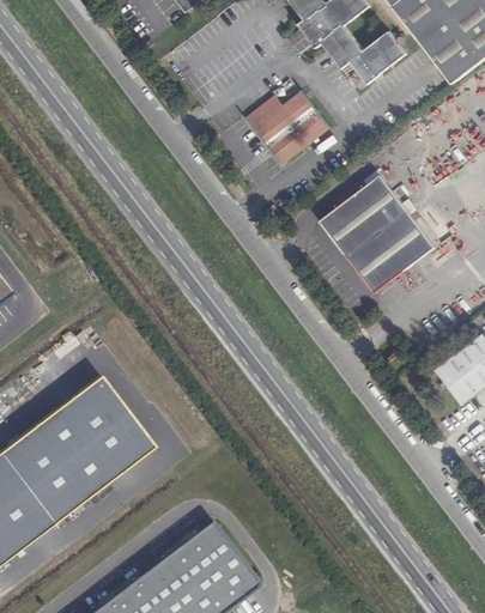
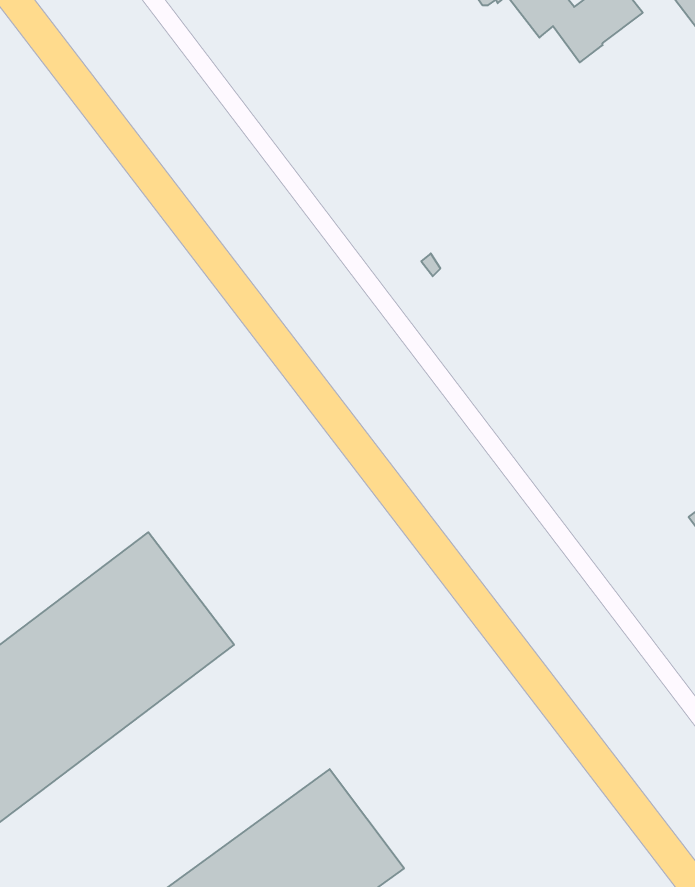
building: [247,91,329,165] -> none
building: [321,175,435,292] -> none

